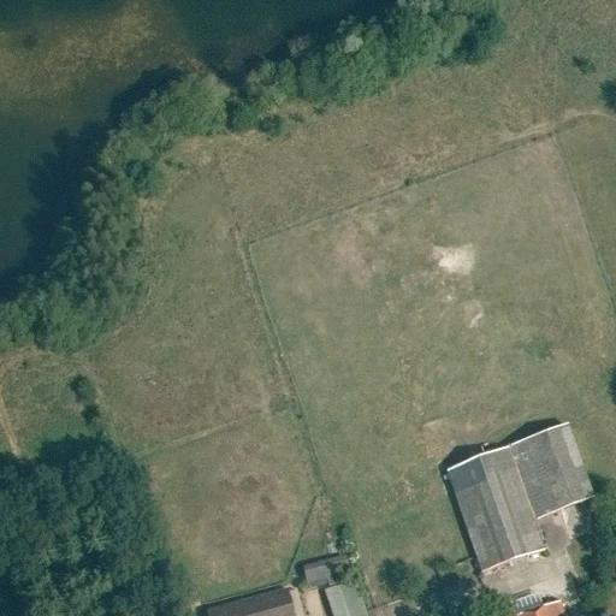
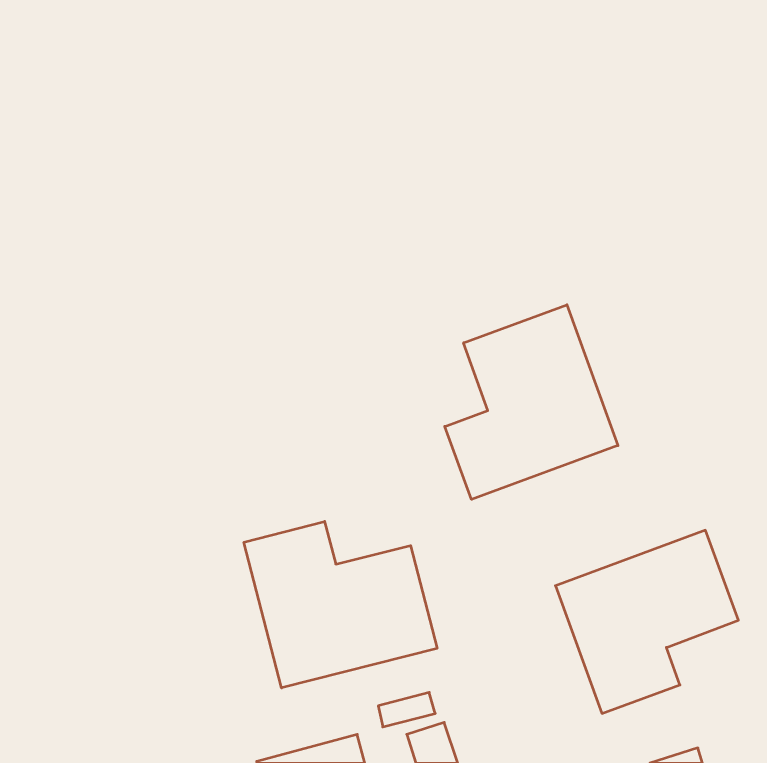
building: none -> [445,305,618,499]
building: none -> [244,521,437,688]

